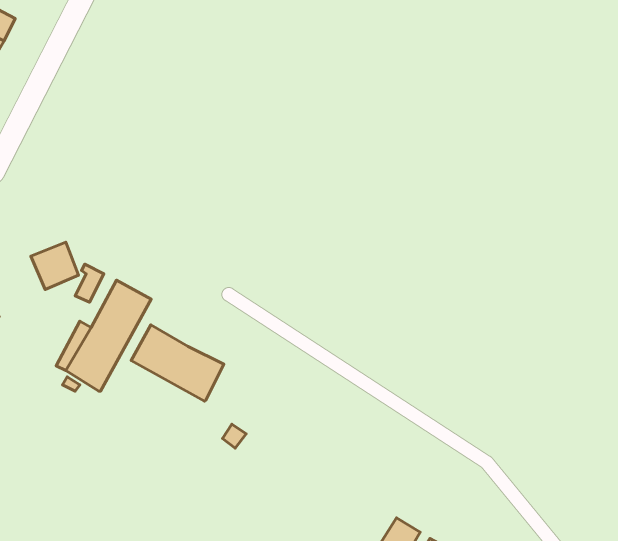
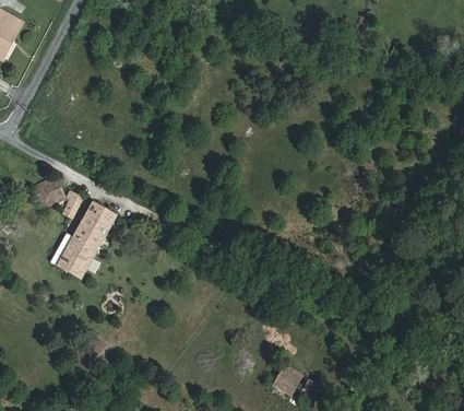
building: [131,325,224,401] -> none

